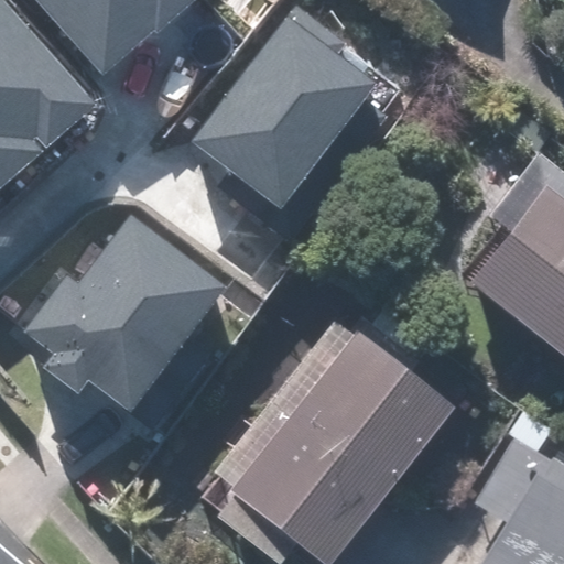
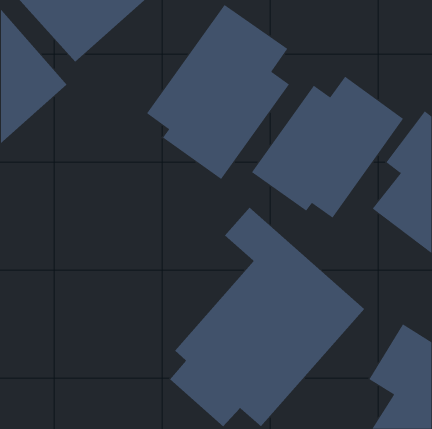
building: none -> [251,76,404,218]
building: [12,214,218,427] -> none

